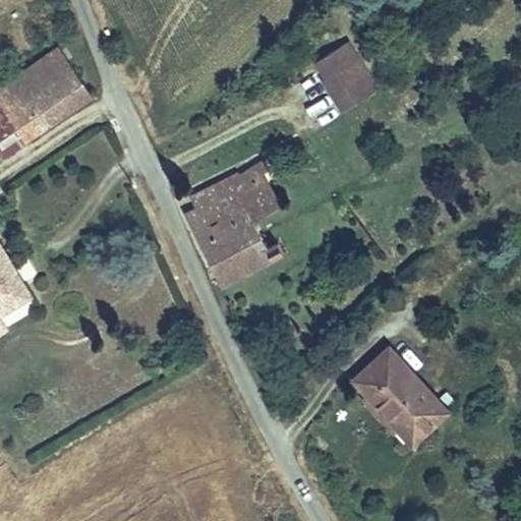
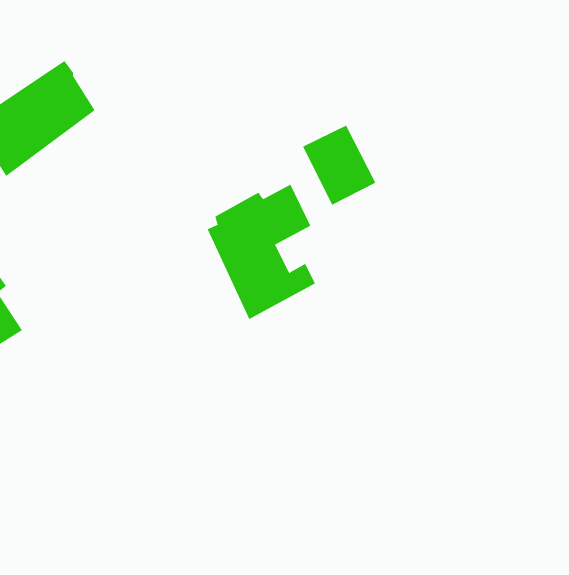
building: [302,38,368,110] -> [302,125,376,205]
building: [354,348,449,445] -> none

